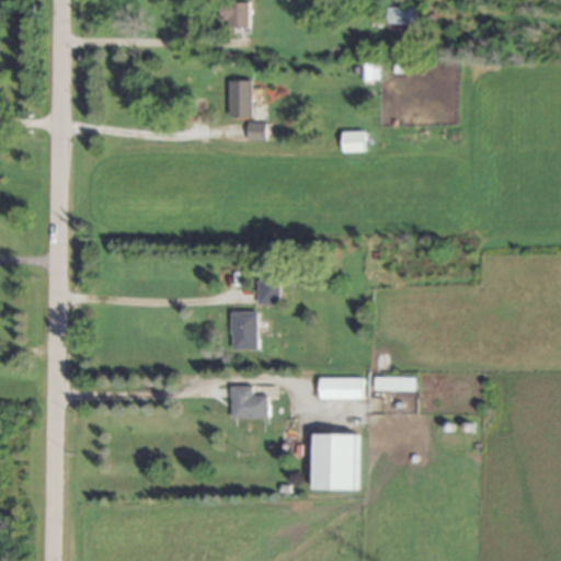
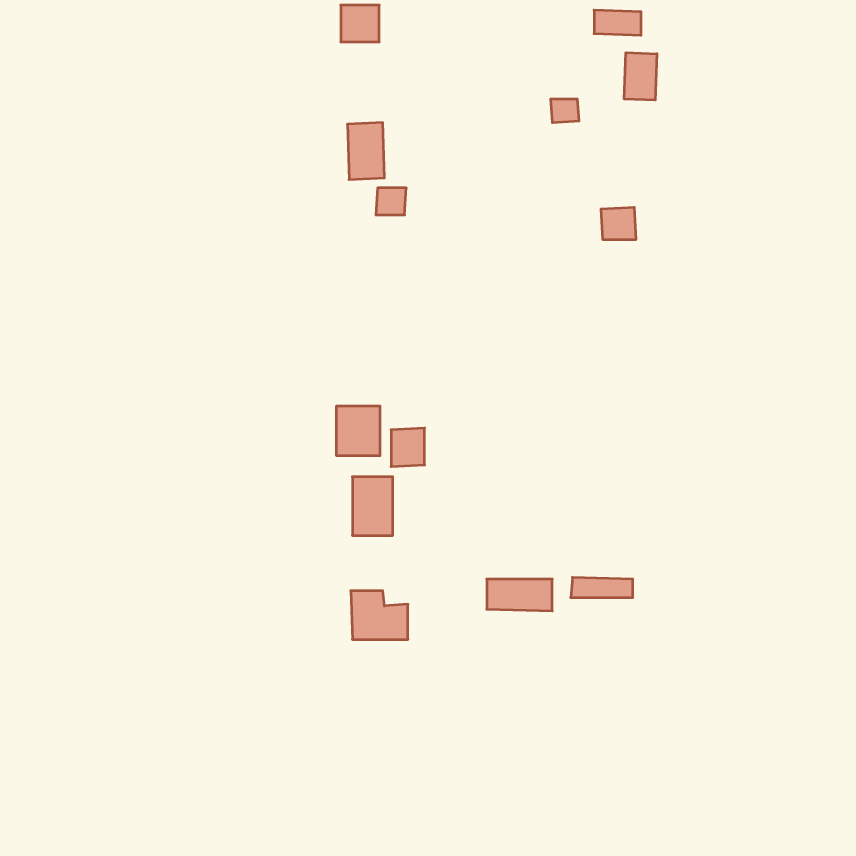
building: none -> [624,53,657,100]
building: [341,130,364,151] -> [601,207,636,239]
building: none -> [337,406,380,456]
building: [313,434,355,490] -> none

